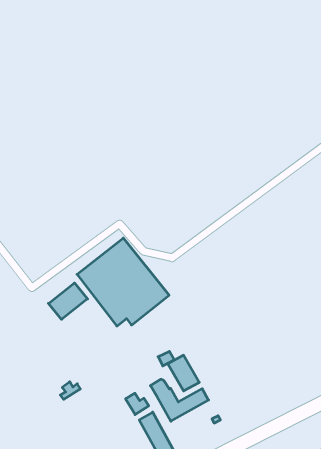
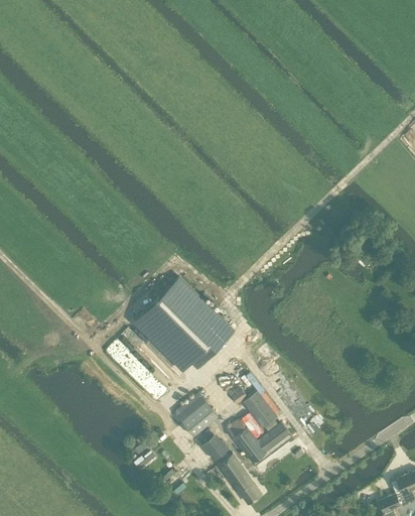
building: [48,283,88,319] -> none
building: none -> [174,393,218,436]

